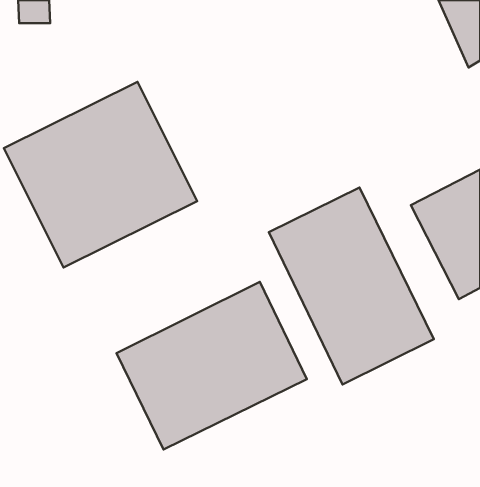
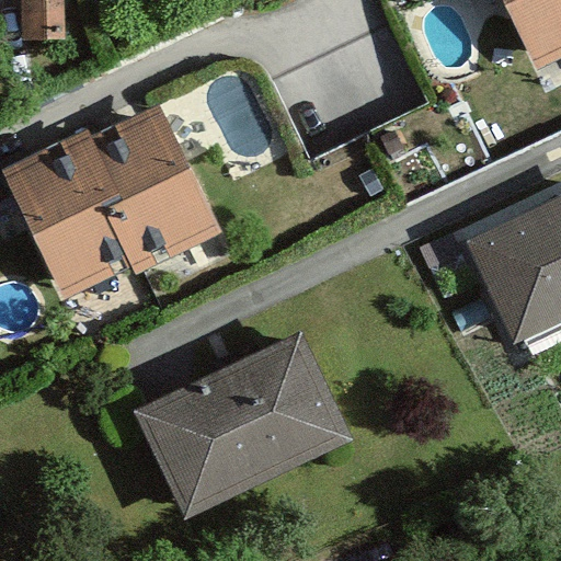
building: [269,188,434,385] -> none

